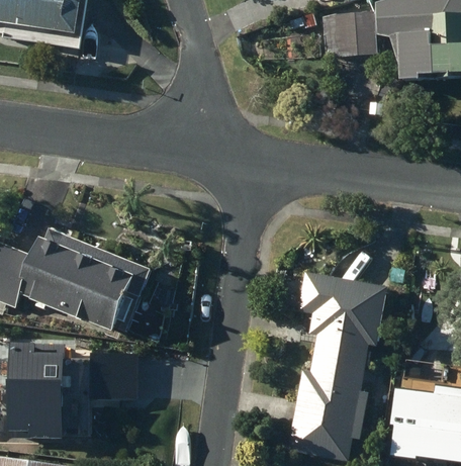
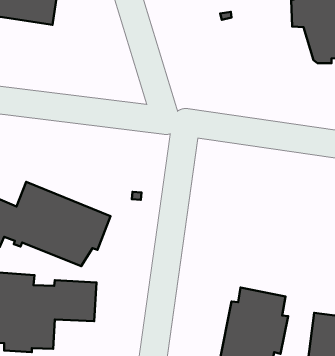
building: [320,12,375,58] -> none
building: [296,271,392,368] -> none

